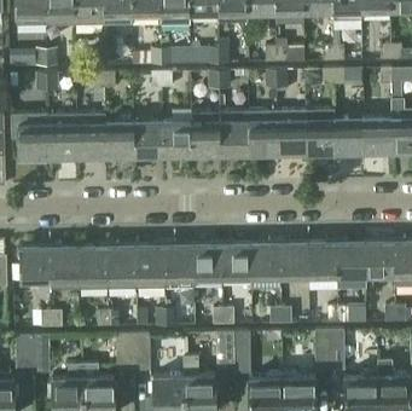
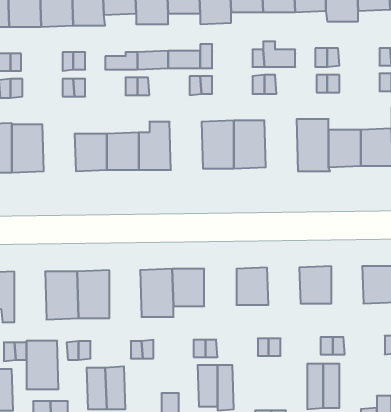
building: [277,109,307,157] -> none
building: [191,111,221,155] -> none
building: [76,112,106,156] -> none
building: [337,242,366,288] -> none
building: [279,243,309,277] -> none
building: [222,244,251,278] -> none
building: [137,245,166,289] -> none
building: [51,247,80,290] -> [26,341,59,389]

